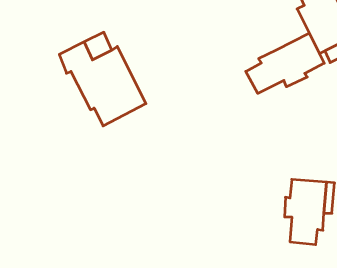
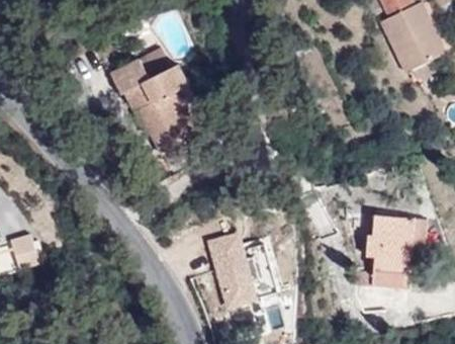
building: [246,33,324,93] -> none
building: none -> [209,233,259,311]

